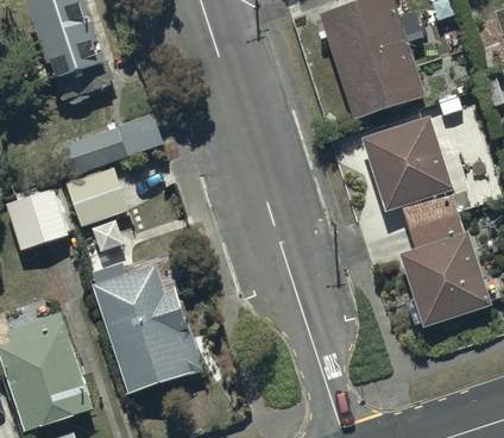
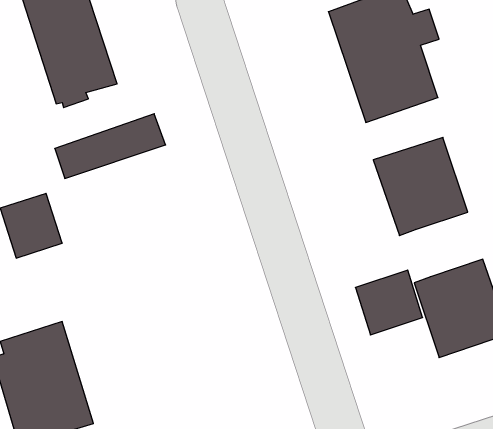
building: [67,165,127,226] -> none
building: [403,205,467,267] -> [355,270,423,335]
building: [90,251,202,393] -> none

